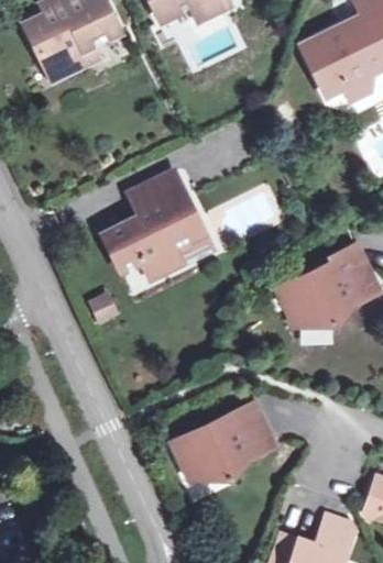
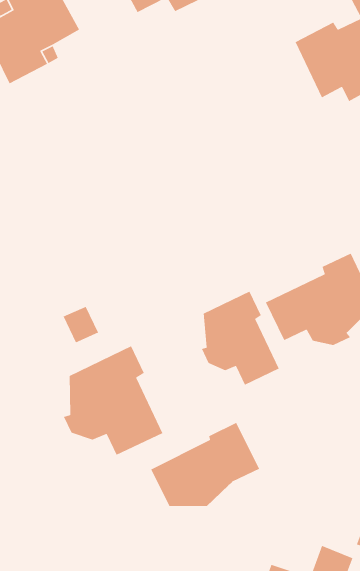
building: [106,174,206,278] -> none
building: none -> [201,291,280,386]
building: none -> [63,345,164,456]

